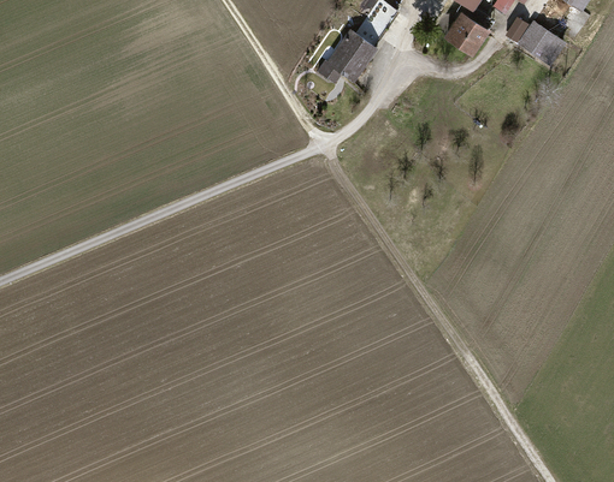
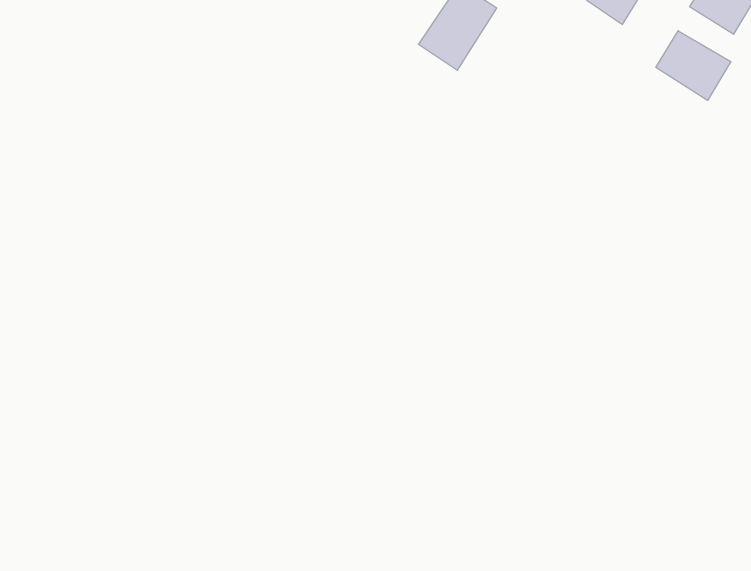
building: none -> [656,31,731,100]

